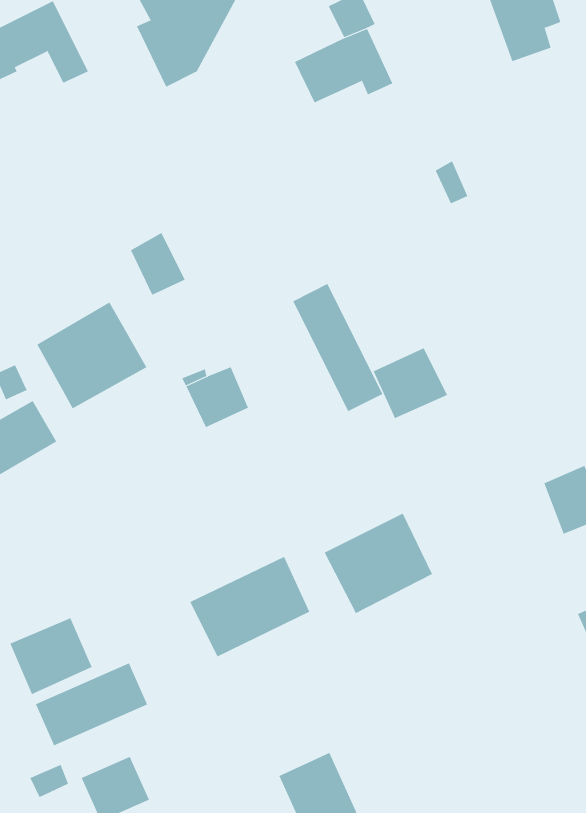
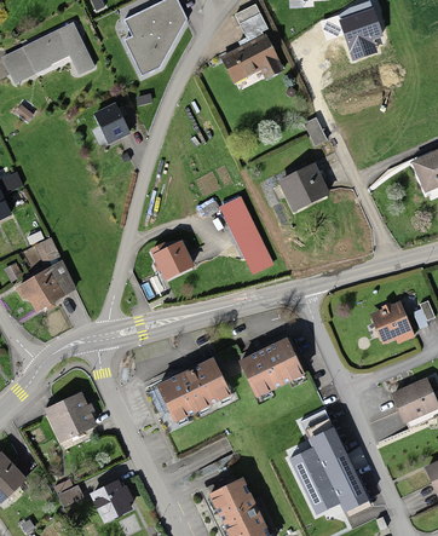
building: [130,232,186,296] -> [96,100,129,139]
building: [36,301,147,409] -> none
building: [373,348,448,419] -> [282,161,328,204]
building: none -> [289,422,370,511]
building: [35,662,148,746] -> none

